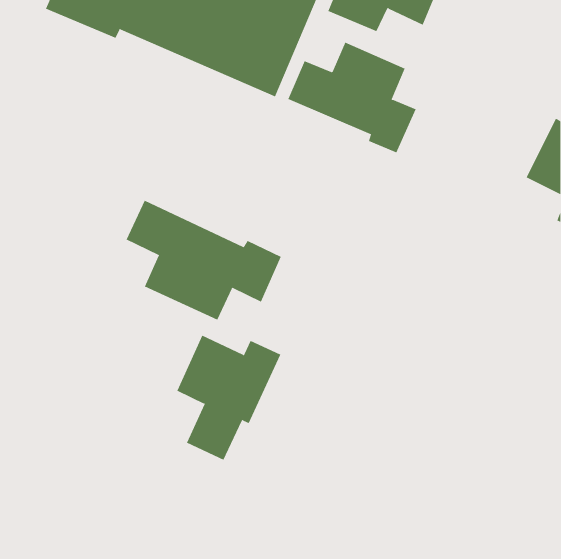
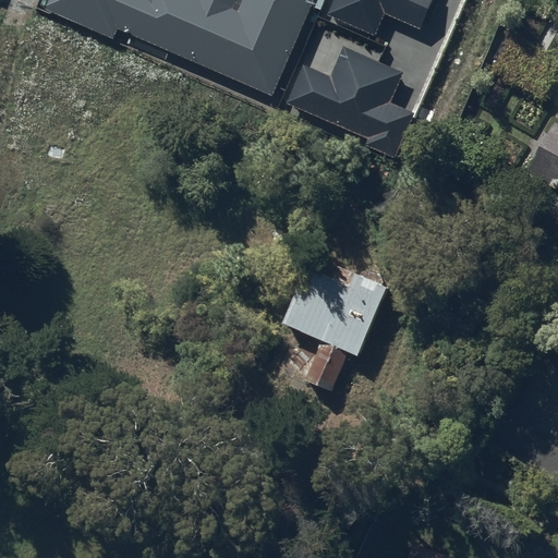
building: [126,200,282,320] -> none
building: [176,335,281,460] -> [283,268,387,392]

